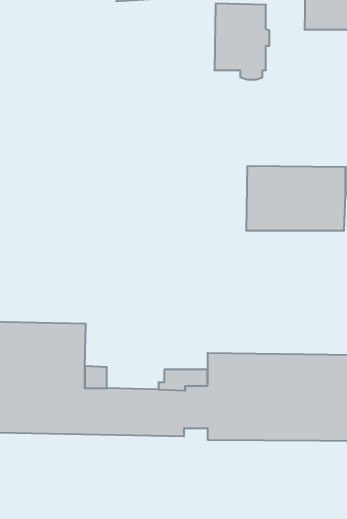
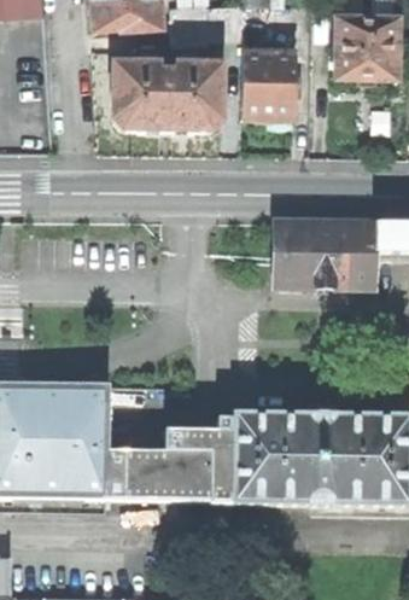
building: none -> [113,63,222,132]

